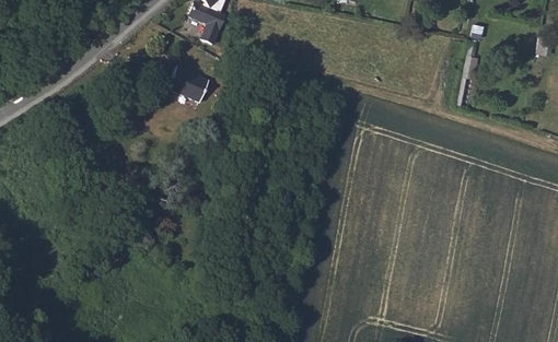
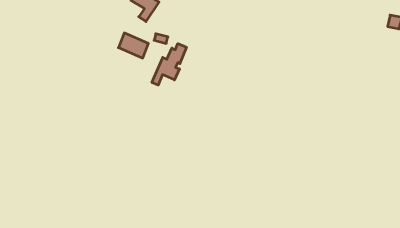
building: none -> [152,44,186,85]

